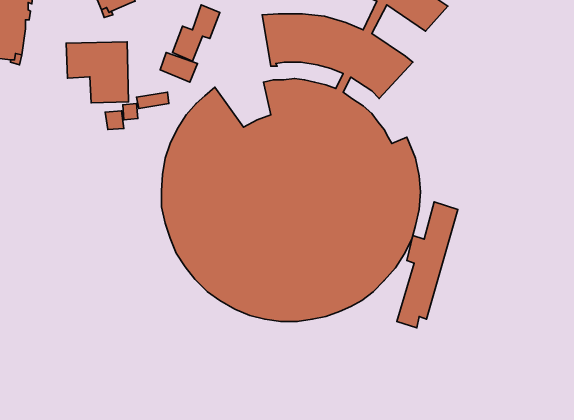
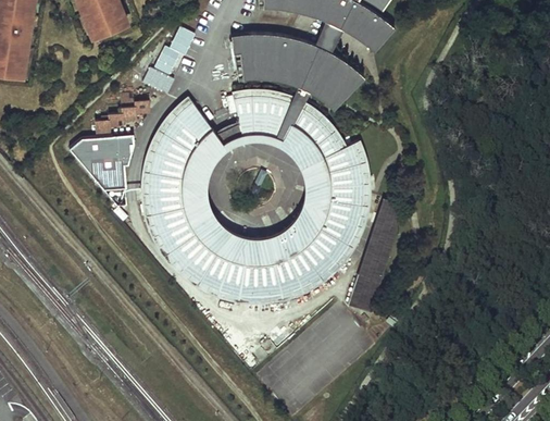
building: [66,42,128,103] -> [75,137,129,190]

